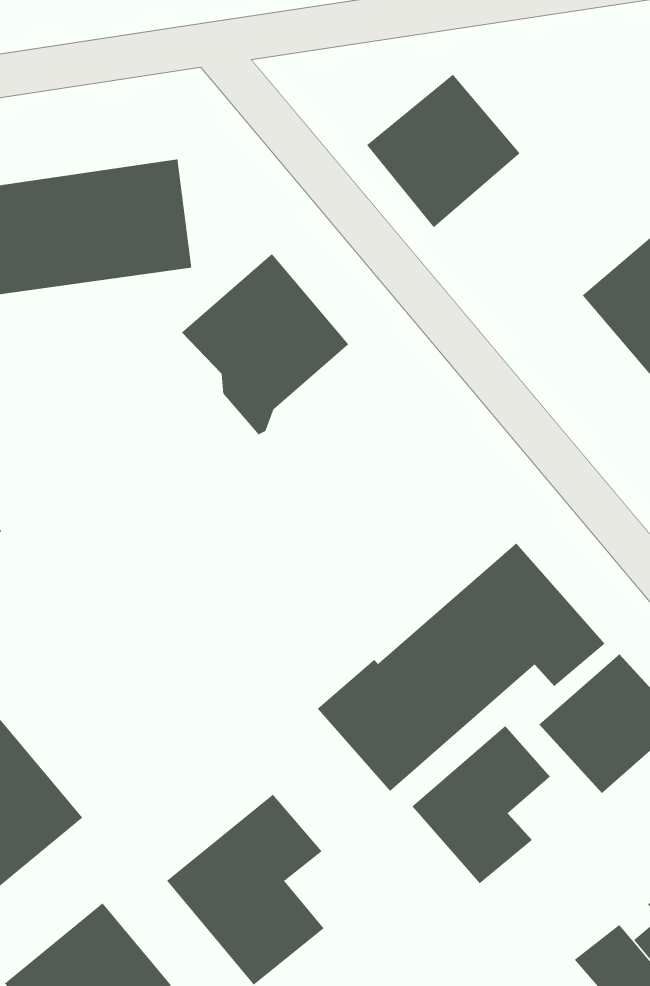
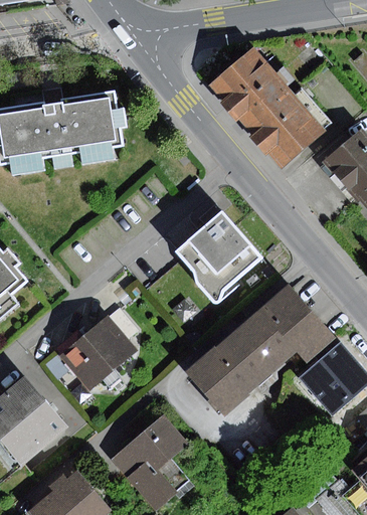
building: none -> [245,89,326,169]
building: [181,253,349,435] -> [176,211,261,304]
building: none -> [59,316,137,390]
building: [411,725,551,884] -> none

